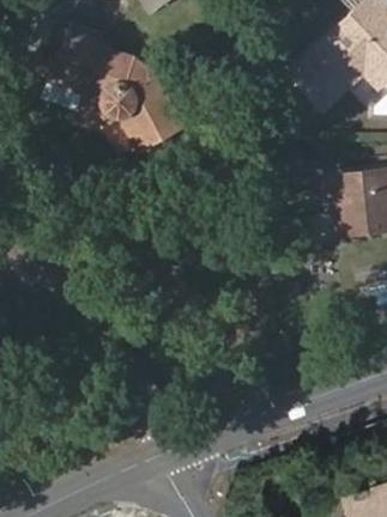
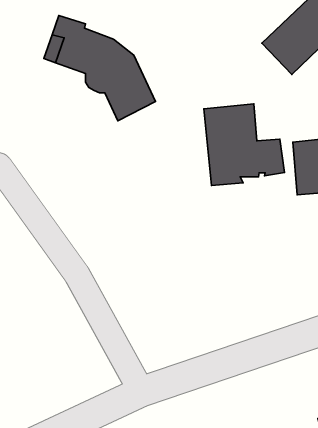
building: none -> [204,104,285,186]

